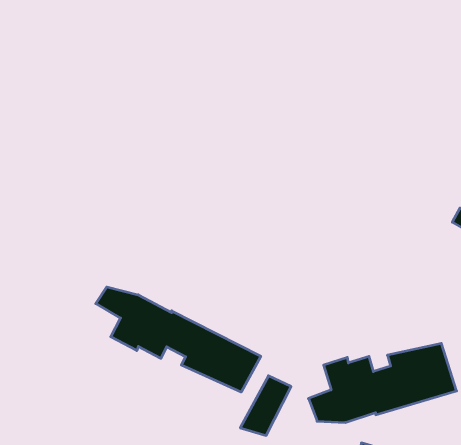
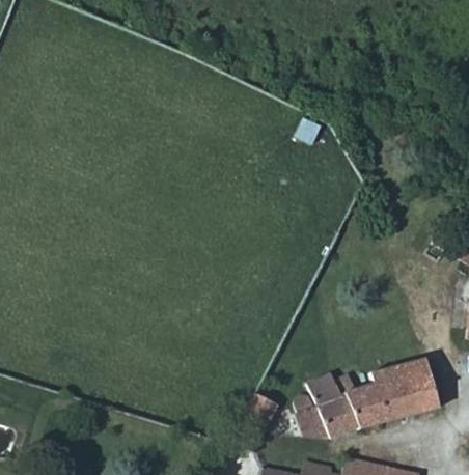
building: [96,287,261,392] -> none

